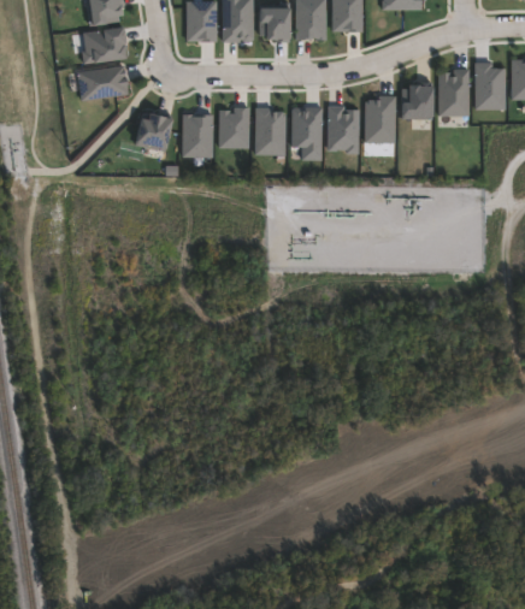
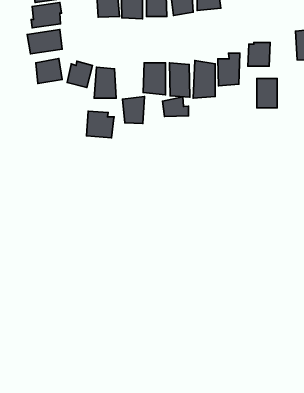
building: [444,69,474,112] -> [257,79,277,108]
building: none -> [36,58,62,84]
building: [218,110,250,149] -> [122,97,144,124]
building: none -> [163,97,188,117]
building: none -> [86,111,114,138]

